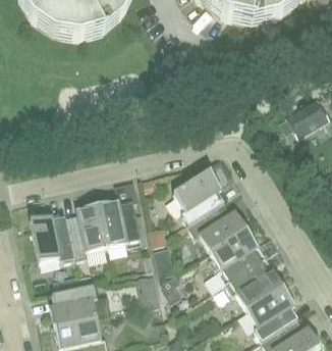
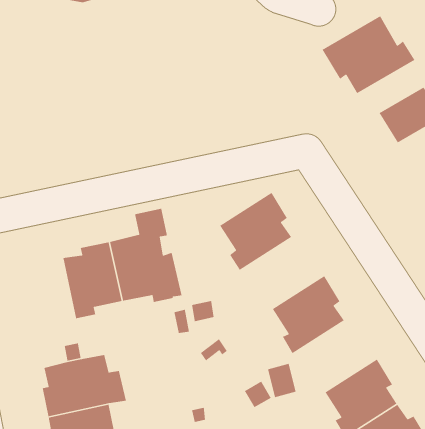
building: none -> [322,15,416,94]
building: [187,201,246,251] -> none
building: [30,213,73,261] -> none
building: [224,259,283,309] -> none

